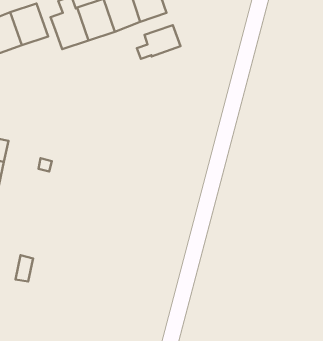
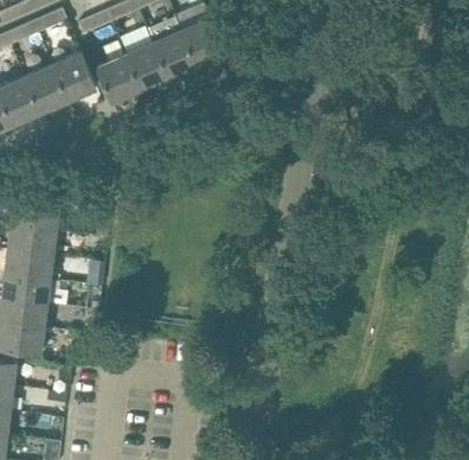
building: [137,25,180,59] -> none

